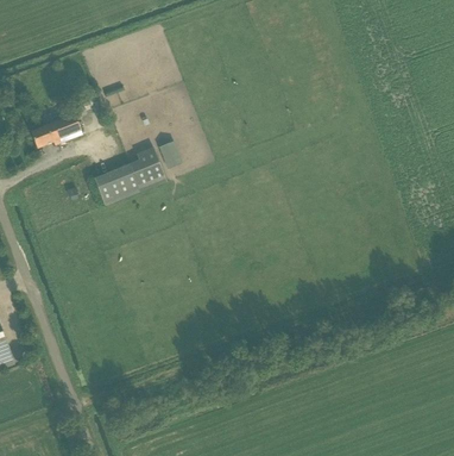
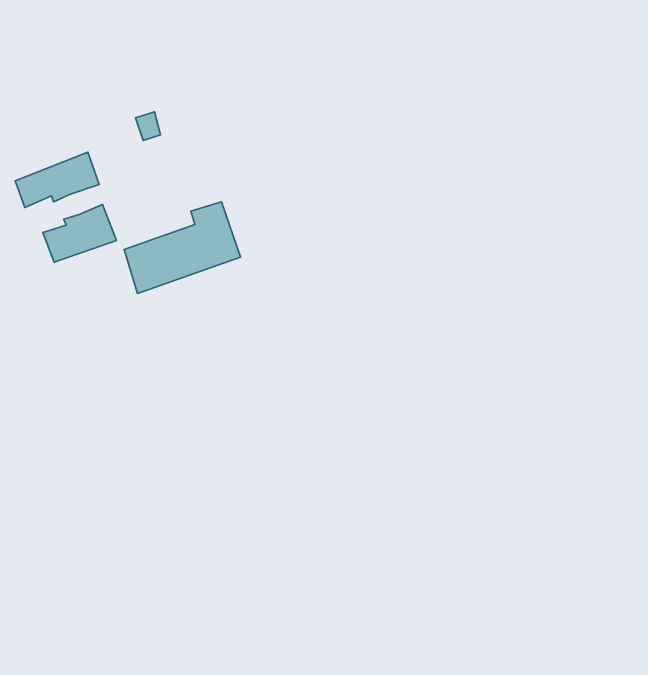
building: none -> [43,204,117,262]

